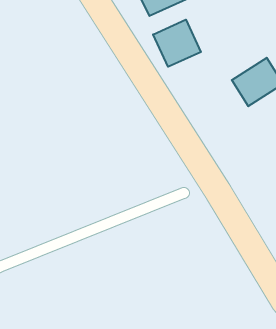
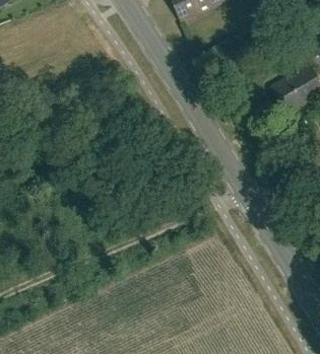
building: [153,20,201,67] -> none

